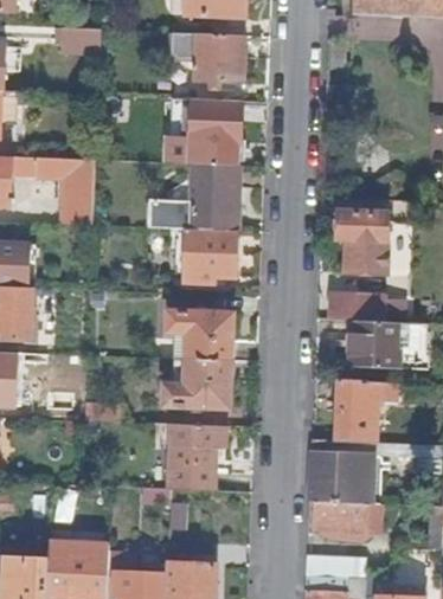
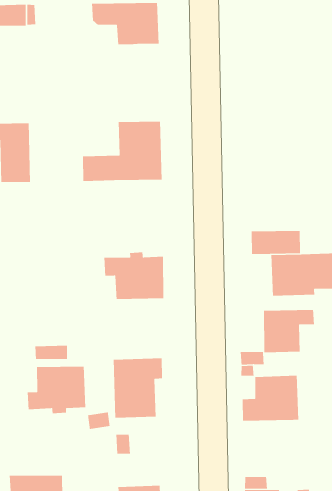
building: [191,99,240,144] -> none
building: [339,212,389,275] -> none
building: [184,230,237,284] -> none
building: [166,360,231,413] -> [27,366,86,414]
building: [308,502,365,530] -> none

